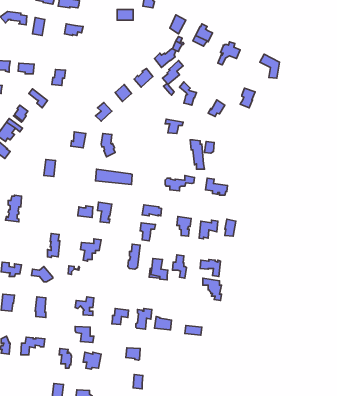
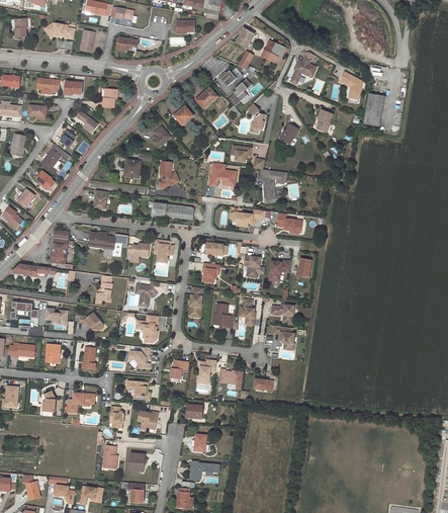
building: none -> [363,93,384,126]
building: none -> [206,161,237,185]
building: none -> [88,233,128,257]
building: none -> [136,315,159,343]

